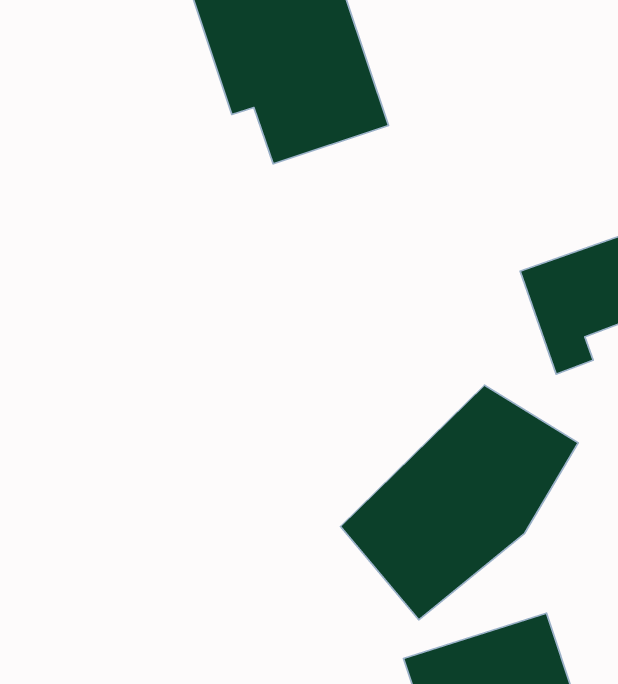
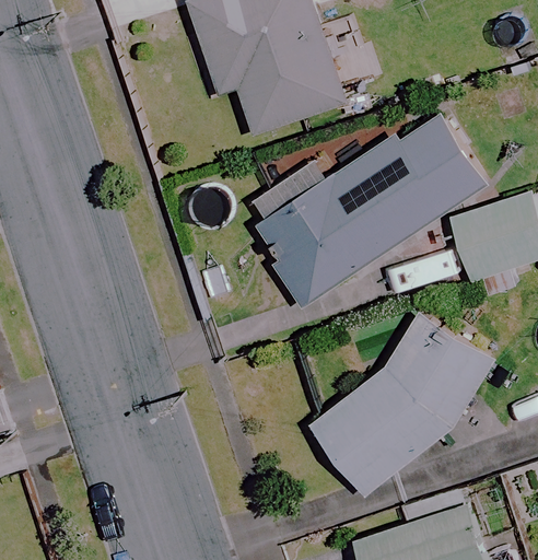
building: none -> [249,110,487,308]

